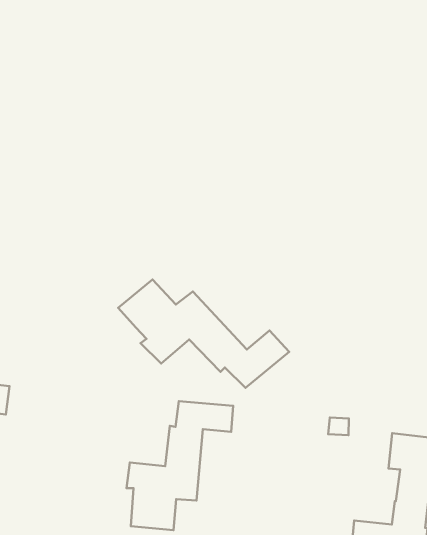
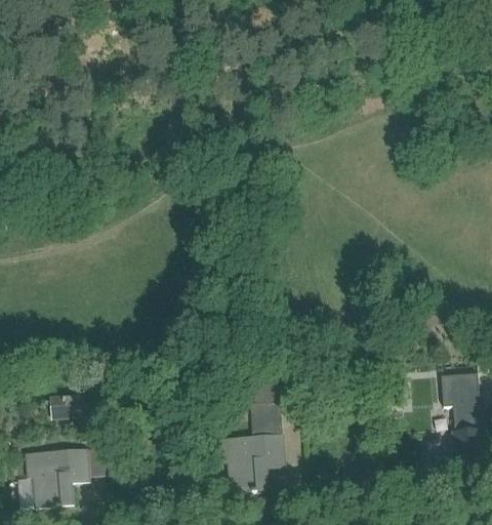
building: [118,280,289,388] -> none

